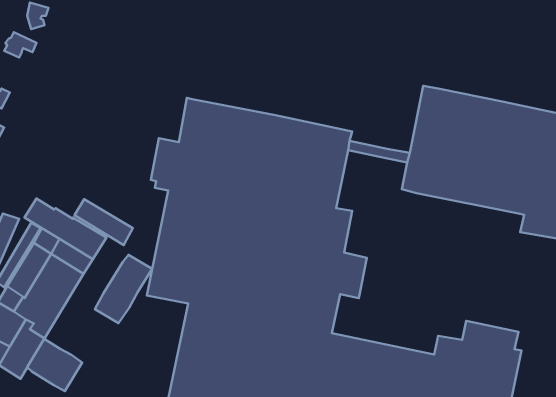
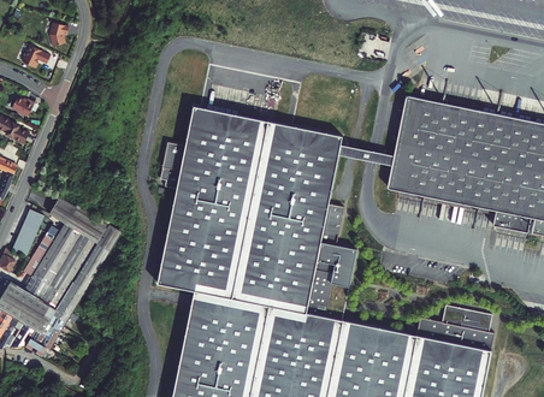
building: [74,199,133,245] -> none
building: [95,255,152,323] -> none
building: [27,339,82,391] -> none

